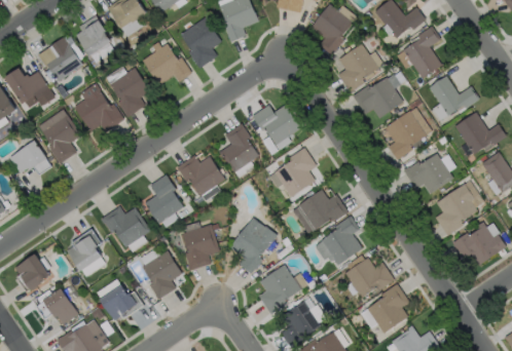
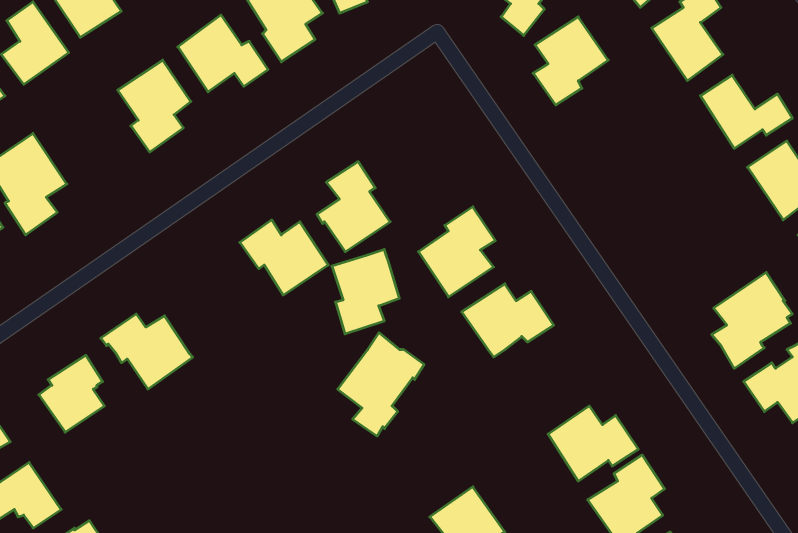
building: [352,77,403,119] -> none
building: [74,84,124,133] -> none
building: [252,105,301,145] -> none
building: [385,111,427,160] -> none
building: [403,153,453,194] -> none
building: [145,174,184,224] -> none
building: [315,216,362,266] -> none
building: [183,224,220,270] -> [332,249,399,334]
building: [143,249,182,299] -> none
building: [259,264,308,314] -> none
building: [101,284,144,320] -> none

